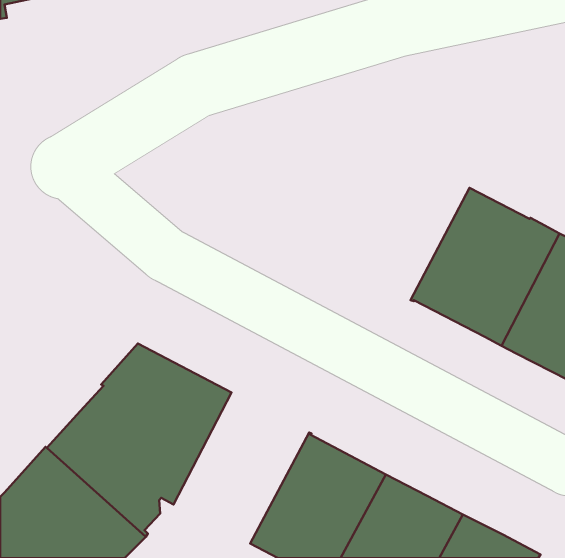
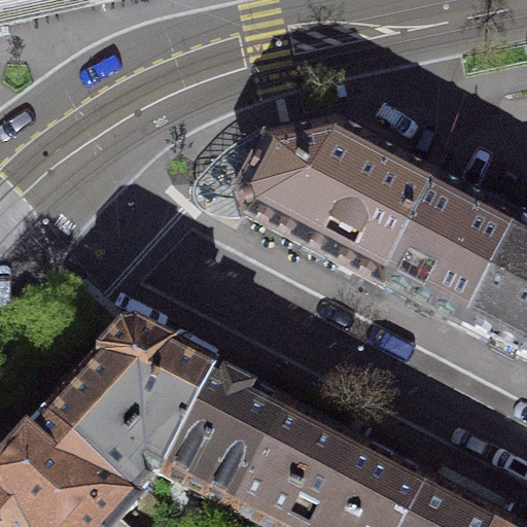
building: none -> [245,121,437,278]
building: none -> [164,363,289,503]

